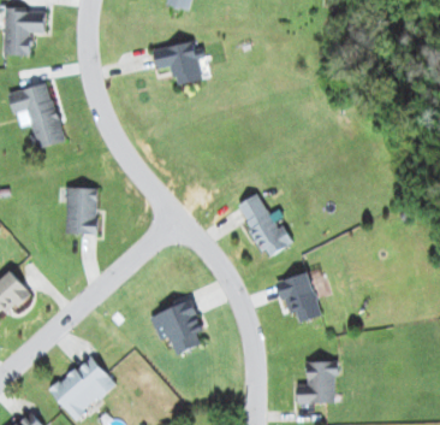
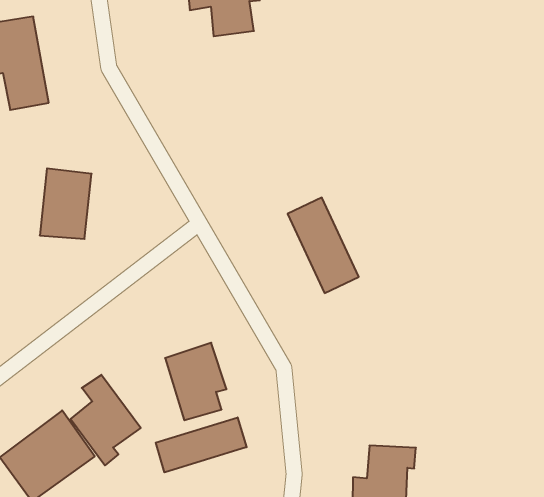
building: [278,272,319,321] -> none
building: none -> [71,375,141,465]
building: none -> [156,417,247,472]

